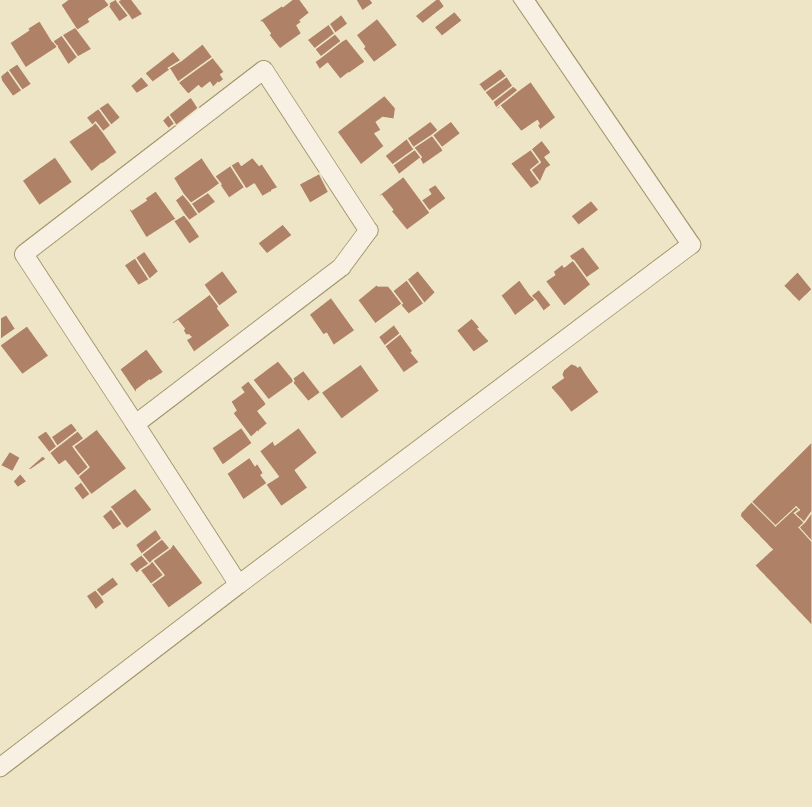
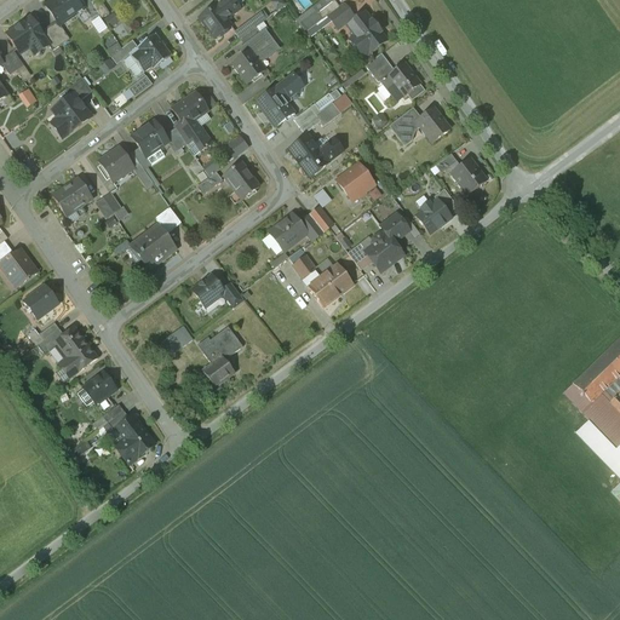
building: none -> [346,12,379,45]
building: [355,18,398,63] -> [232,48,265,82]
building: none -> [172,92,207,126]
building: none -> [415,108,449,143]
building: [22,157,73,206] -> [53,178,92,216]
building: none -> [450,157,487,194]
building: none -> [337,163,373,199]
building: [309,297,355,346] -> [224,161,259,199]
building: [119,348,164,393] -> [24,285,58,318]
building: [550,364,600,413] -> [364,232,402,270]
building: [321,364,380,419] -> [308,263,352,305]
building: [230,380,268,437] -> none
building: [226,457,267,500] -> none

